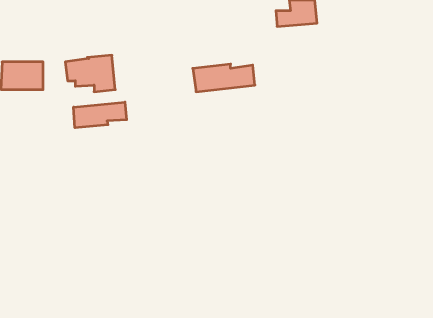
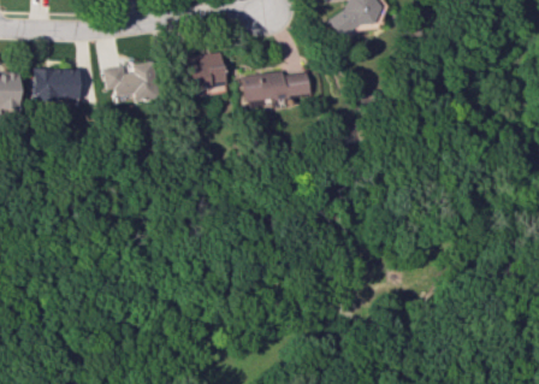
building: none -> [180,51,226,94]
building: [74,102,127,128] -> none

